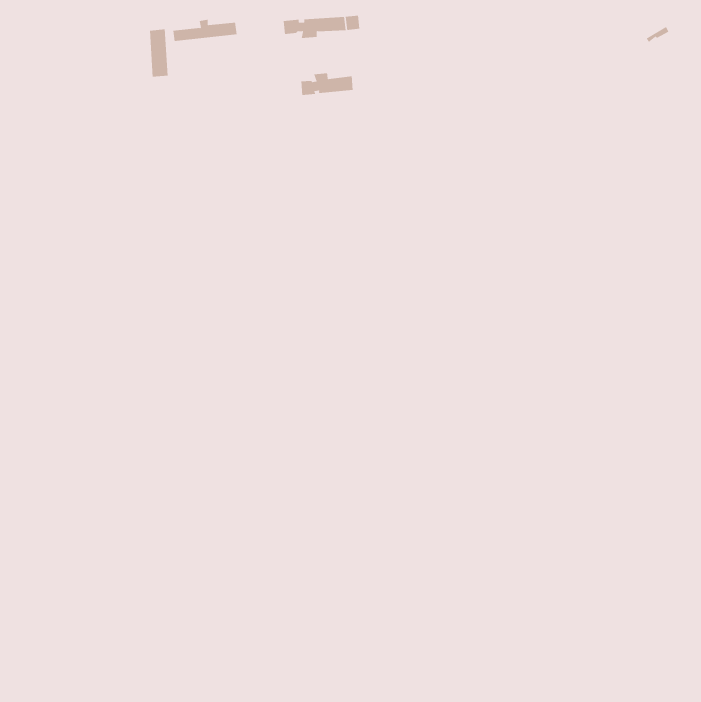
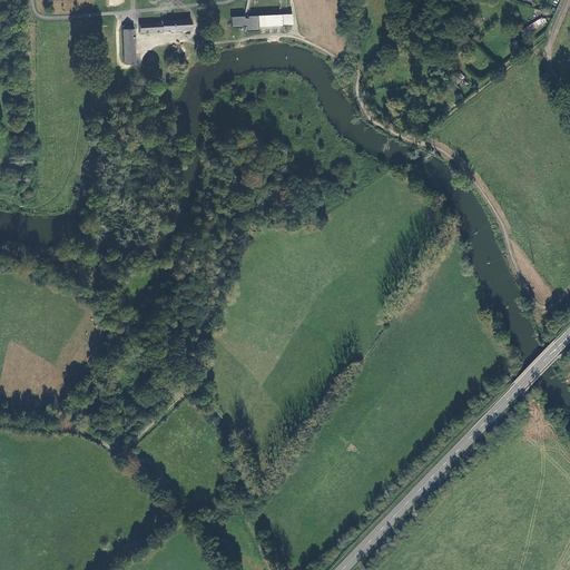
building: [301,73,353,96] -> none

